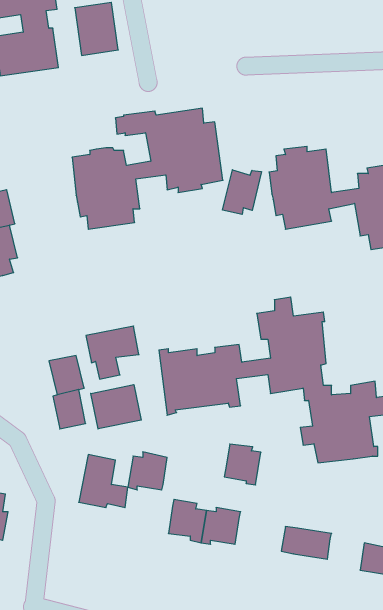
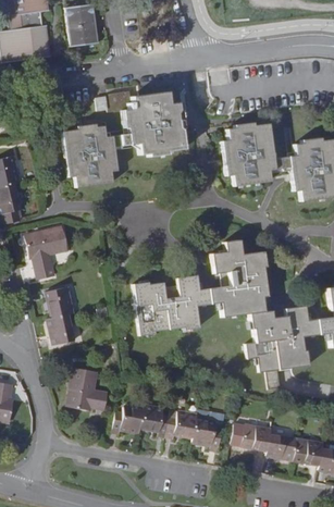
building: [223,170,261,214] -> none
building: [86,326,139,379] -> [25,227,67,270]
building: [91,385,141,429] -> none
building: [224,444,261,485] -> [194,417,223,449]
building: [128,452,167,490] -> [113,403,145,433]
building: none -> [268,433,298,458]

